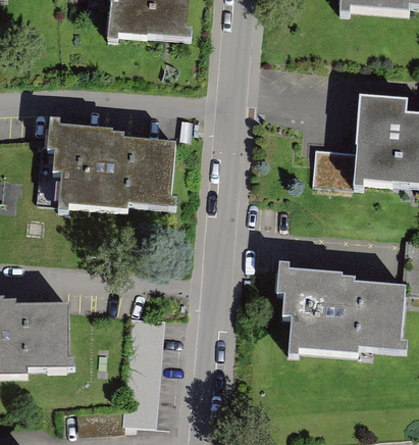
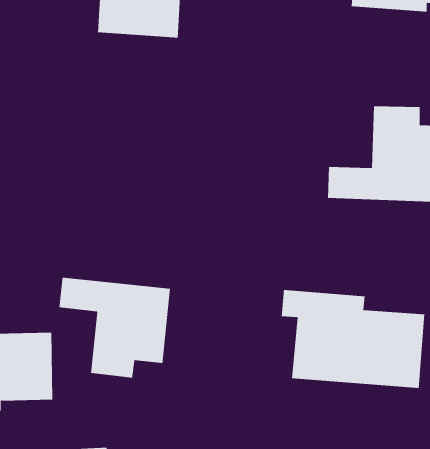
building: [51,121,173,213] -> none
building: none -> [59,277,170,378]

